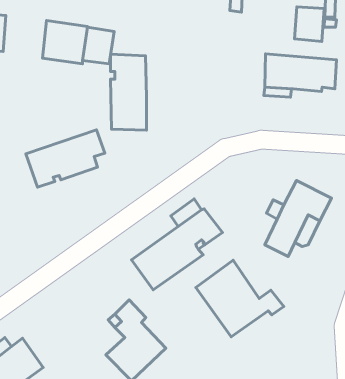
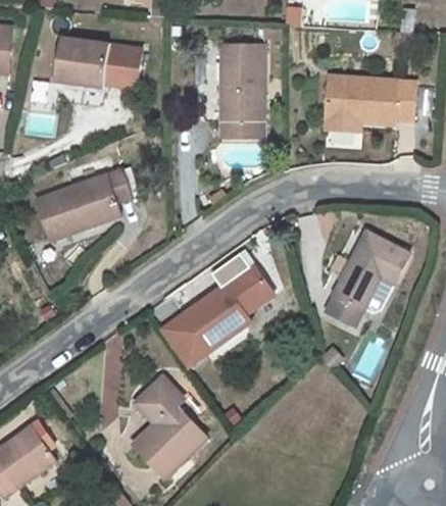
building: [295,7,324,41] -> none
building: [111,54,146,130] -> [221,44,265,137]
building: [196,260,284,337] -> none

